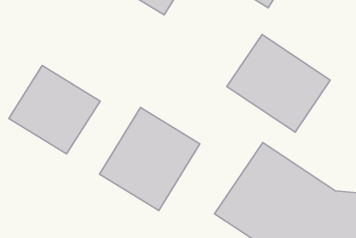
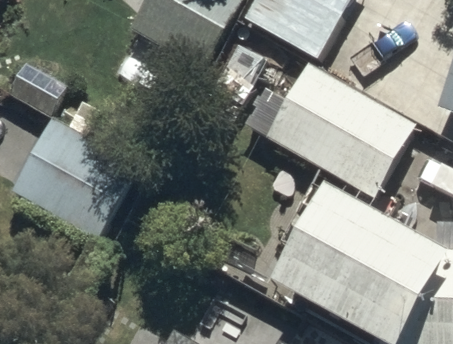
building: [100,108,200,210] -> none

